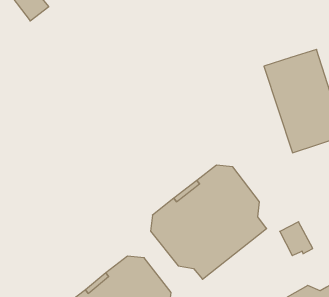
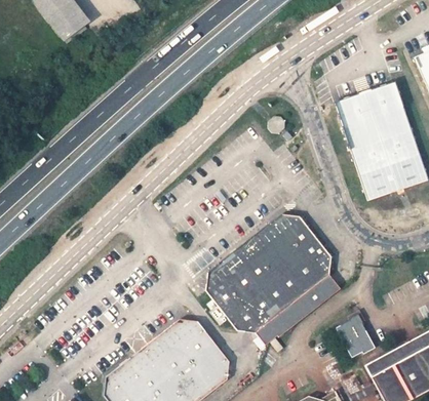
building: [280,222,313,256] -> [337,316,375,355]

